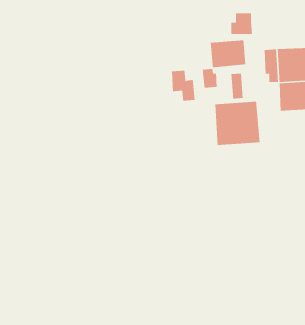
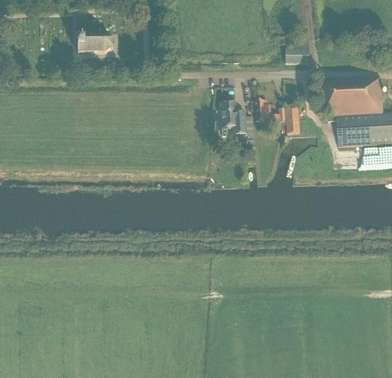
building: none -> [76,34,111,52]
building: [210,40,246,68] -> none
building: [215,101,260,146] -> none

